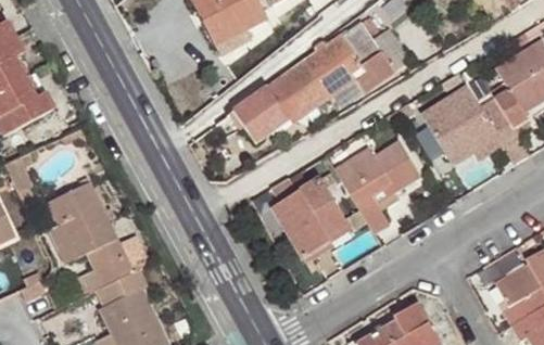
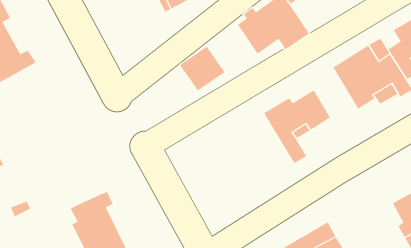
building: [267,60,329,122] -> none
building: [273,178,351,258] -> none
building: [49,180,134,284] -> none

